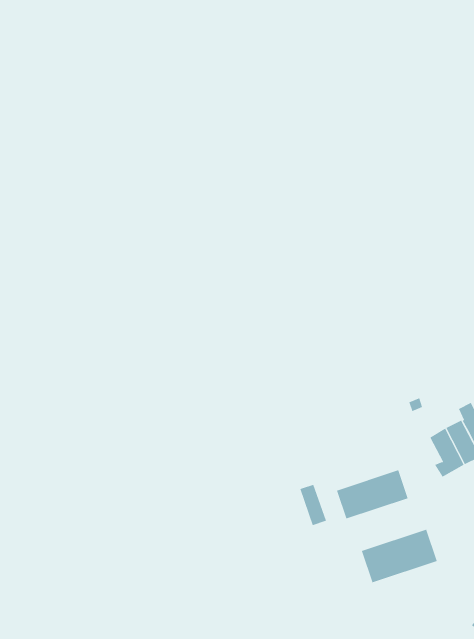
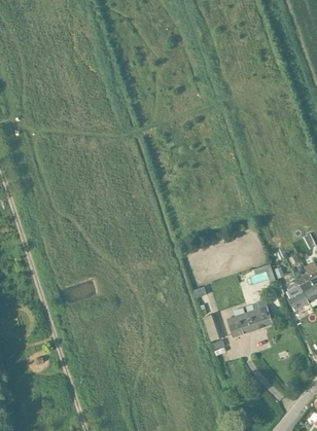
building: [361,529,437,583] -> none

